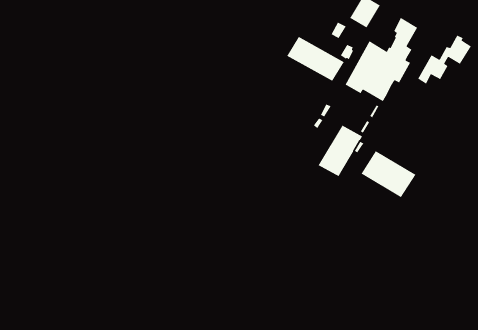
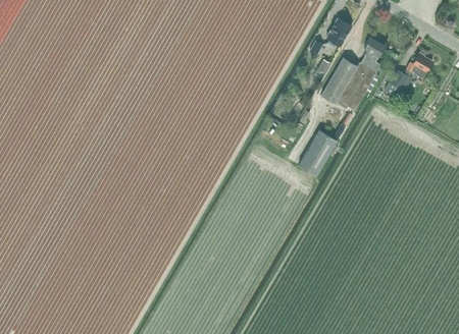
building: [286,36,345,82] -> none
building: [361,150,416,198] -> none

